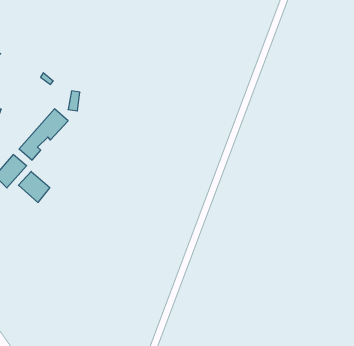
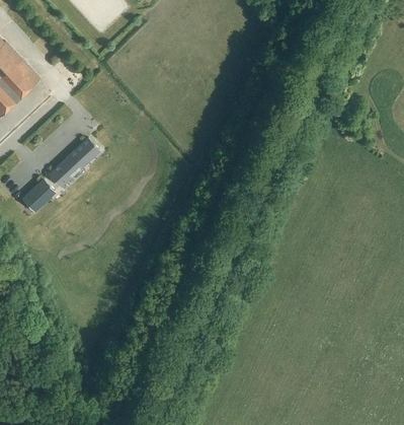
building: [18,171,50,202] -> none

